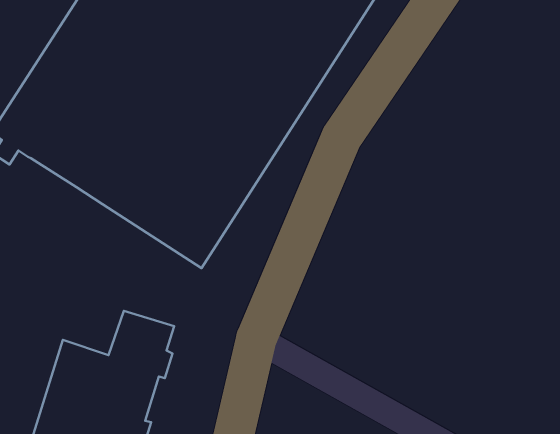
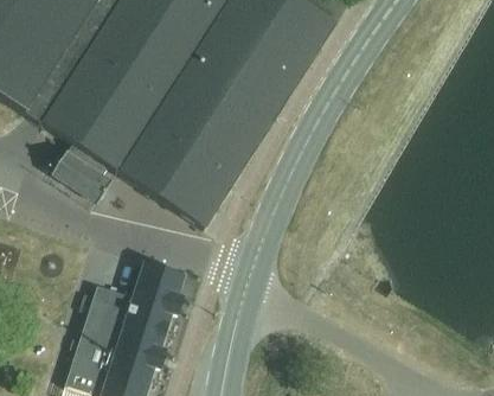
building: none -> [52,143,111,203]

